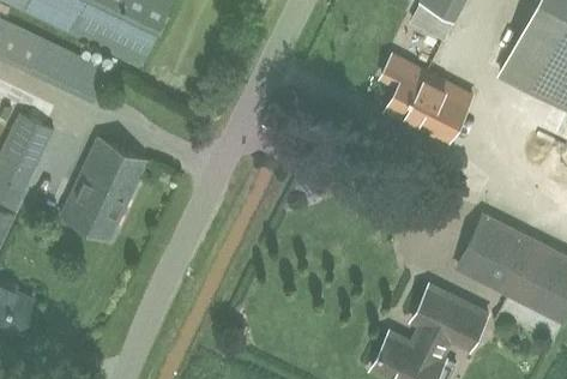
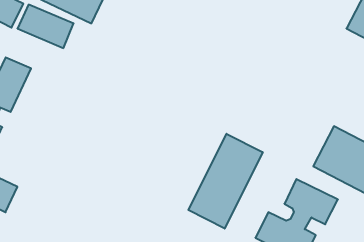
building: [381,56,472,144] -> none
building: [62,137,147,239] -> none
building: none -> [188,134,263,229]

